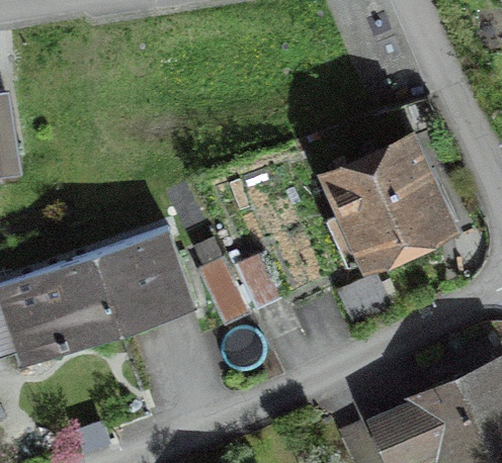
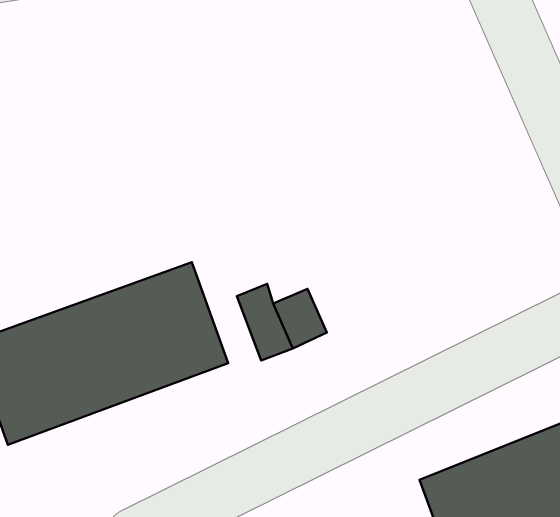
building: [308,129,455,282] -> none

